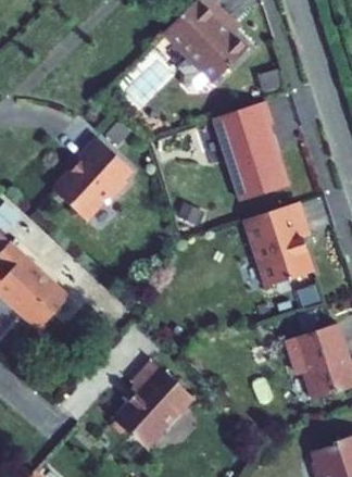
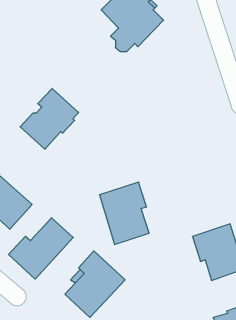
building: [214,100,286,200] -> none
building: [244,201,312,286] -> [99,182,149,245]
building: none -> [8,218,73,279]

